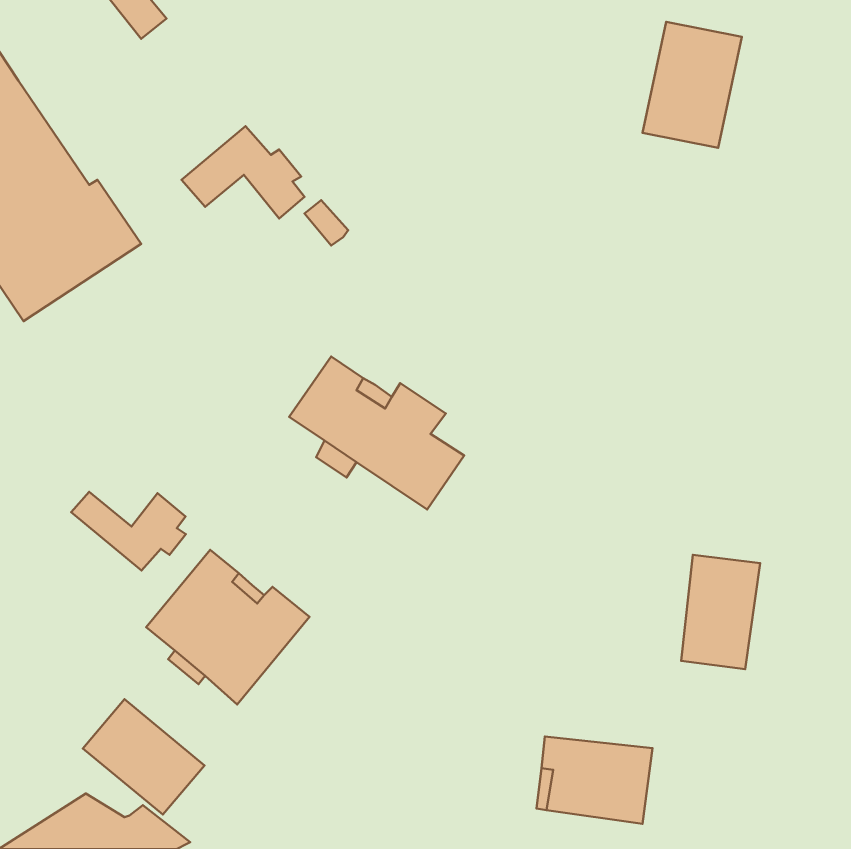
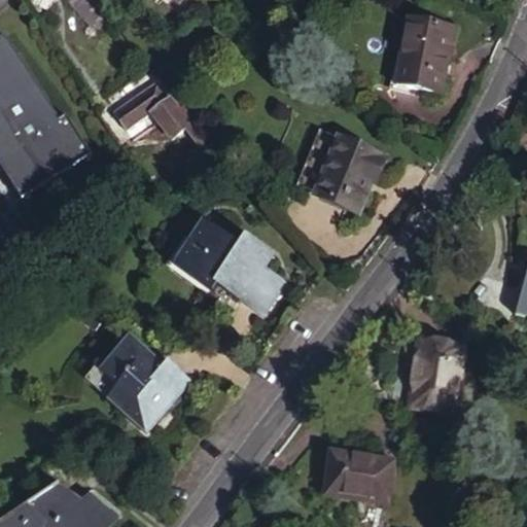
building: none -> [303,125,392,208]
building: [71,492,186,570] -> none
building: [83,699,204,815] -> none

